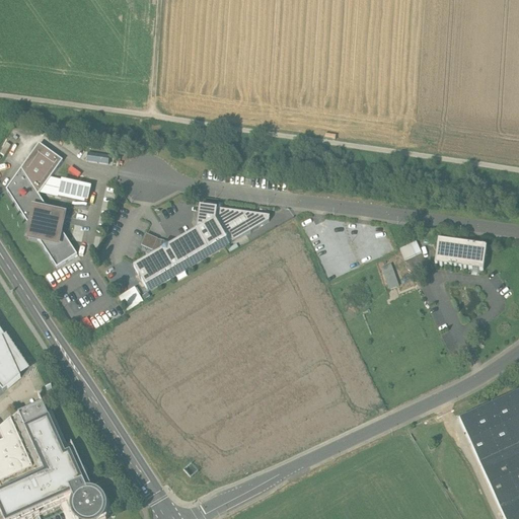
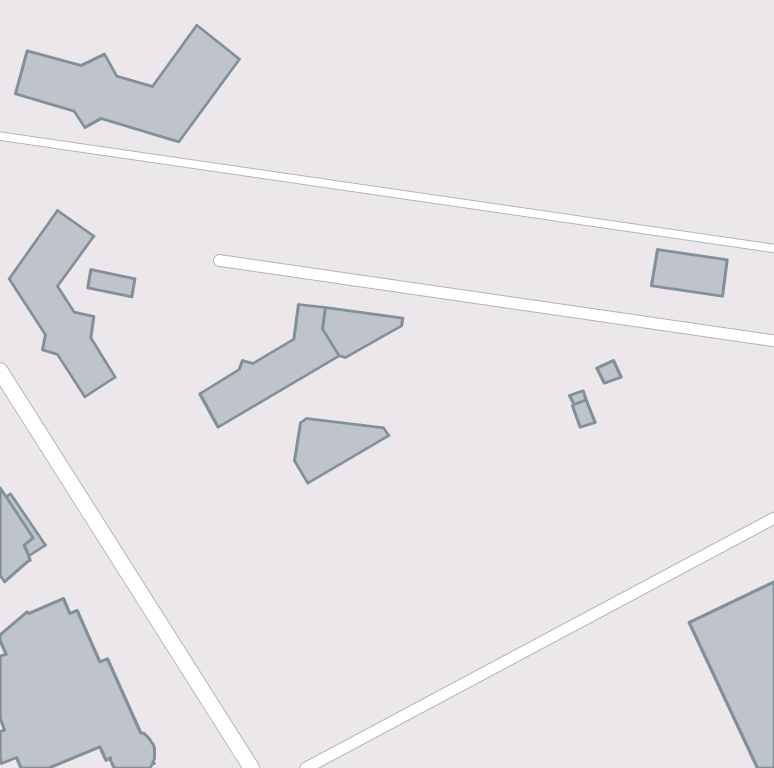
building: none -> [16,25,240,142]
building: [435,237,486,269] -> [651,249,727,296]
building: none -> [295,418,389,483]

